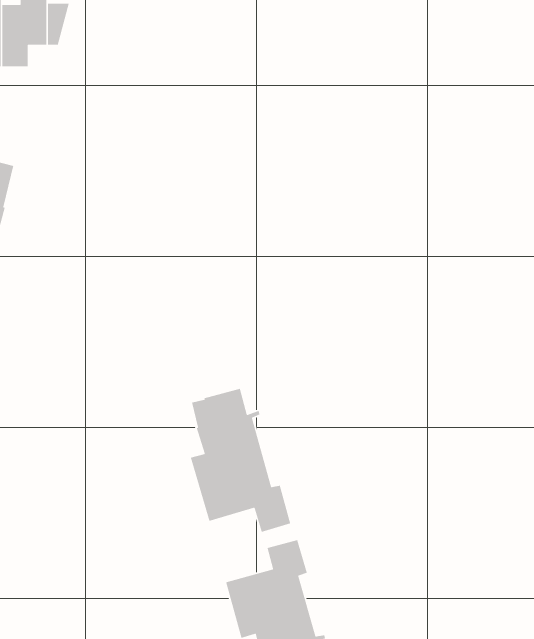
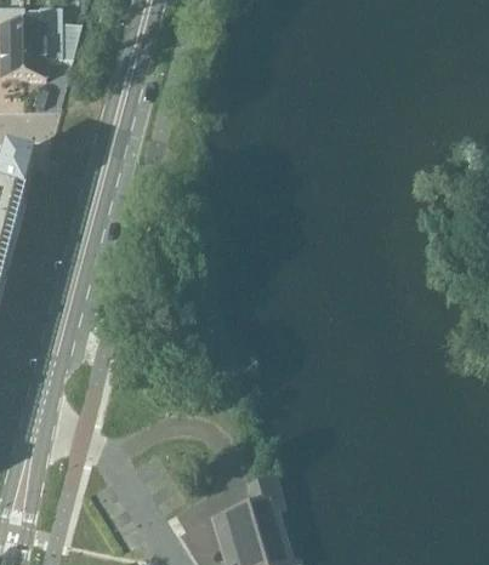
building: [190,388,291,533] -> none

